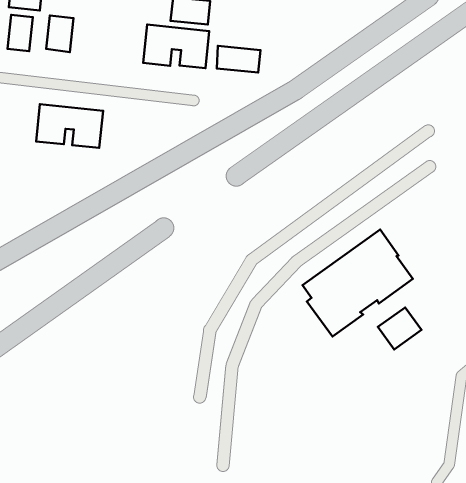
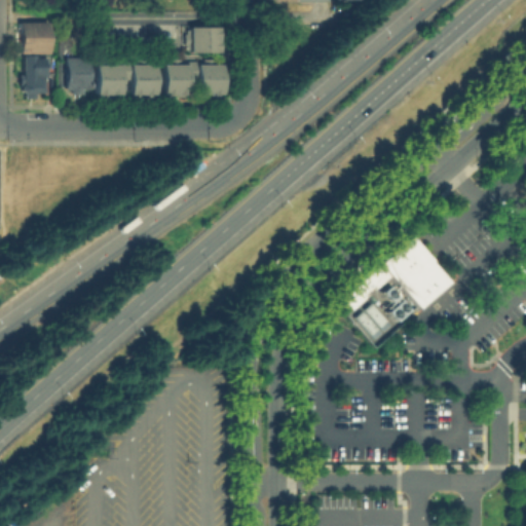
building: [217,46,261,73] -> none
building: [36,104,103,148] -> [98,60,160,97]
building: [378,307,421,349] -> none

